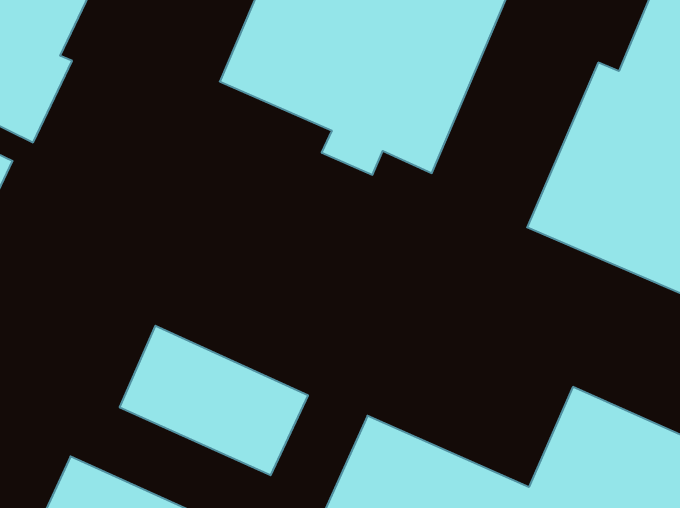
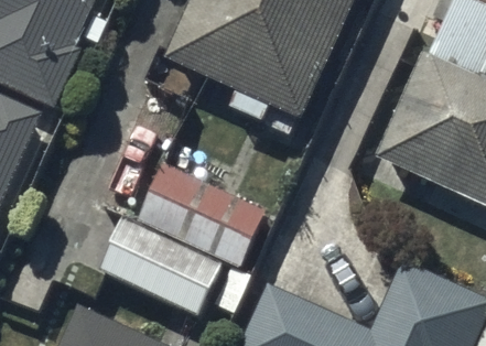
building: none -> [141,164,276,270]

